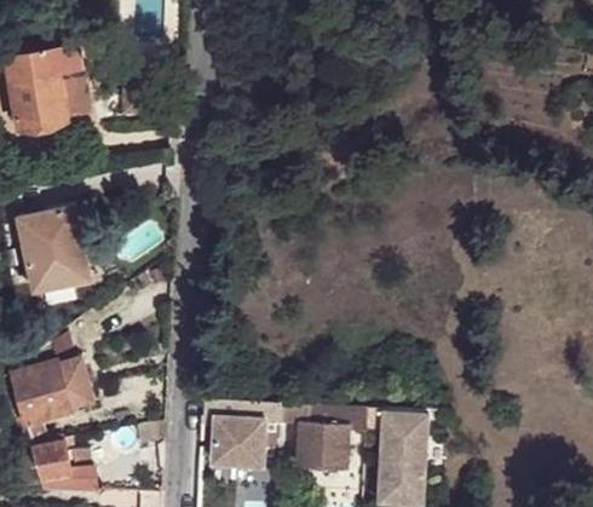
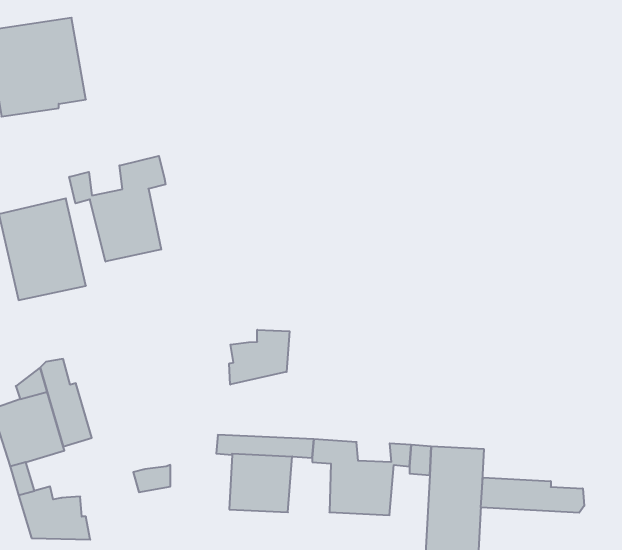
building: none -> [69,156,166,262]
building: none -> [229,330,290,385]
building: none -> [481,478,584,513]

